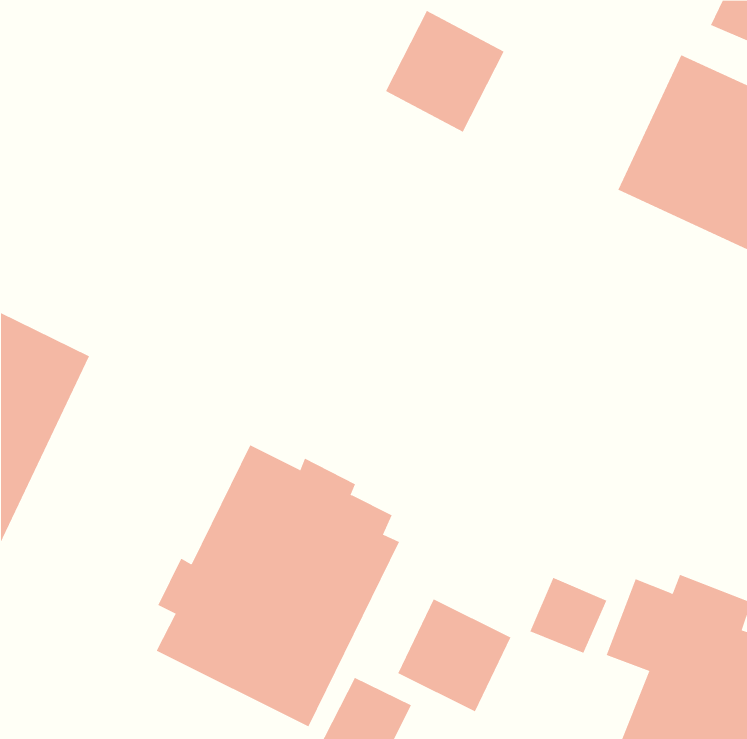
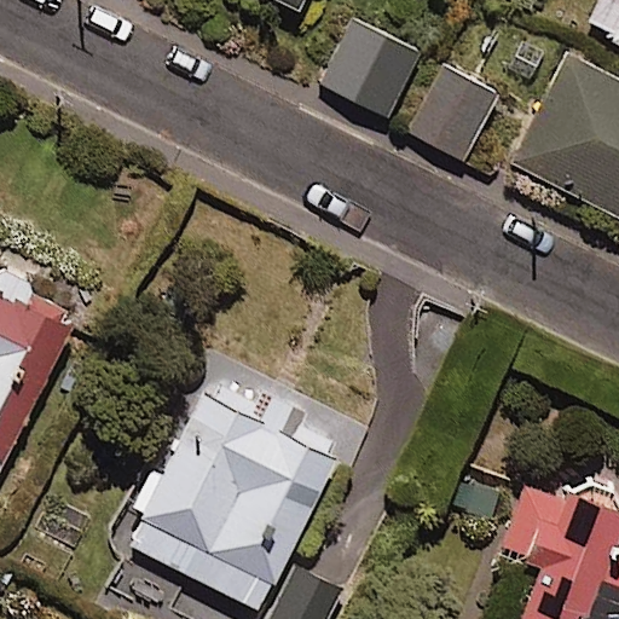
building: none -> [407,68,497,162]
building: [397,598,511,712] -> none

